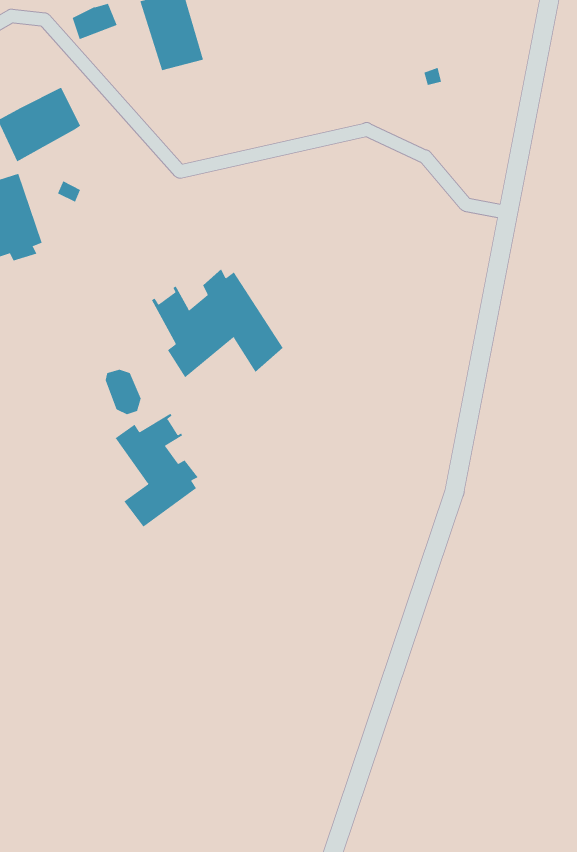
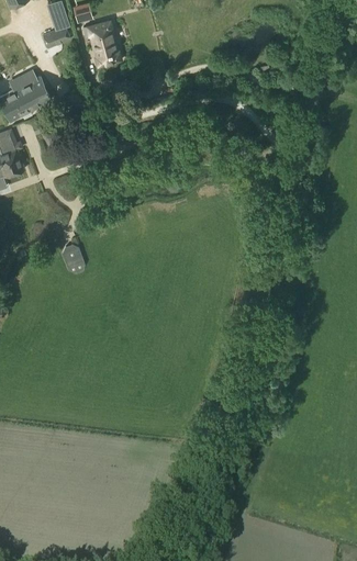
building: [151,268,283,378] -> none
building: [115,413,198,527] -> none

